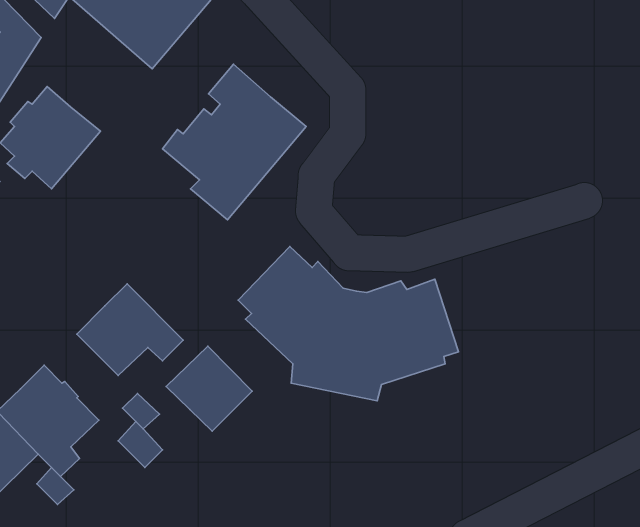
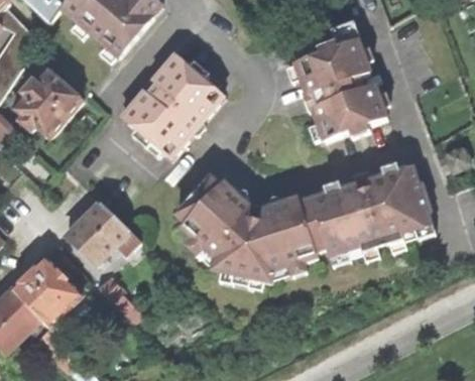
building: none -> [292,37,385,139]
building: none -> [310,164,432,256]
building: [166,346,252,431] -> none

